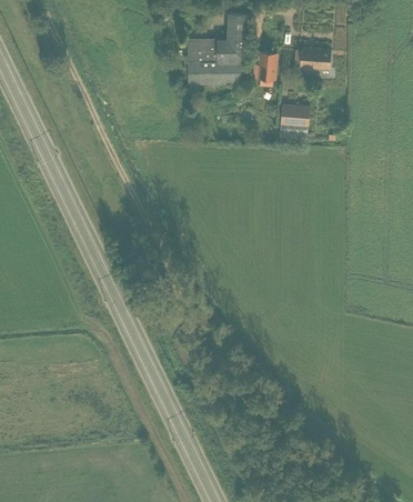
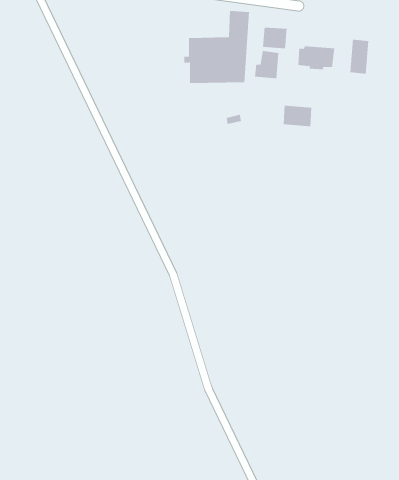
building: none -> [262,27,287,49]
building: none -> [350,39,369,75]

